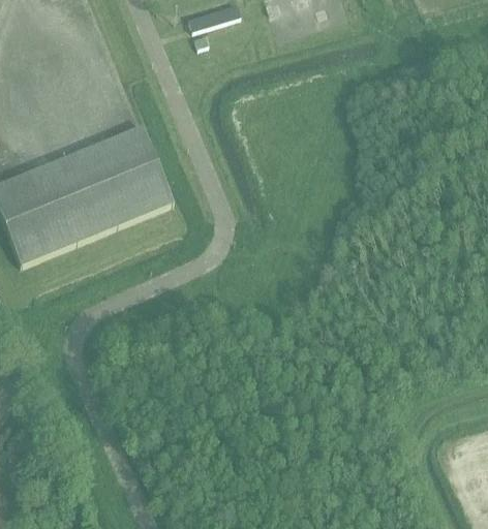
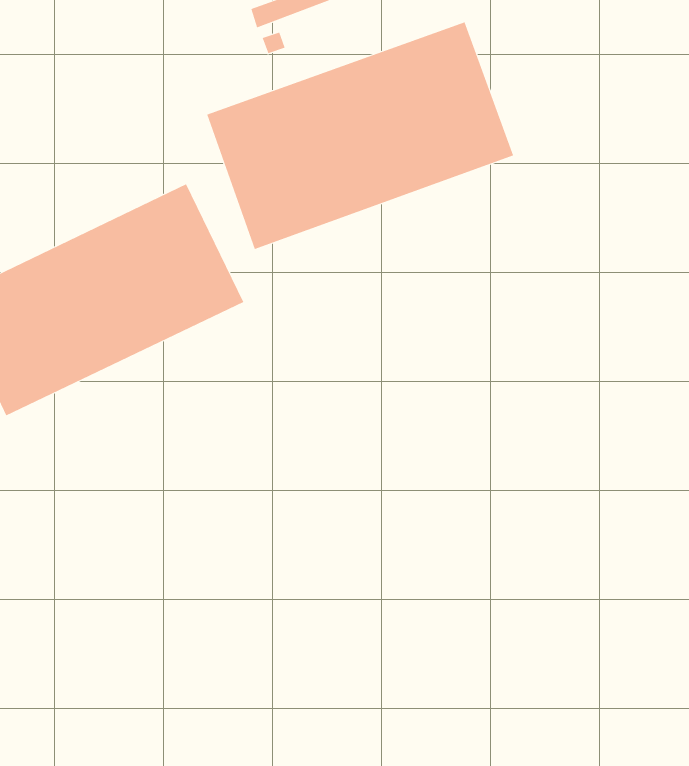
building: none -> [207,22,514,250]

